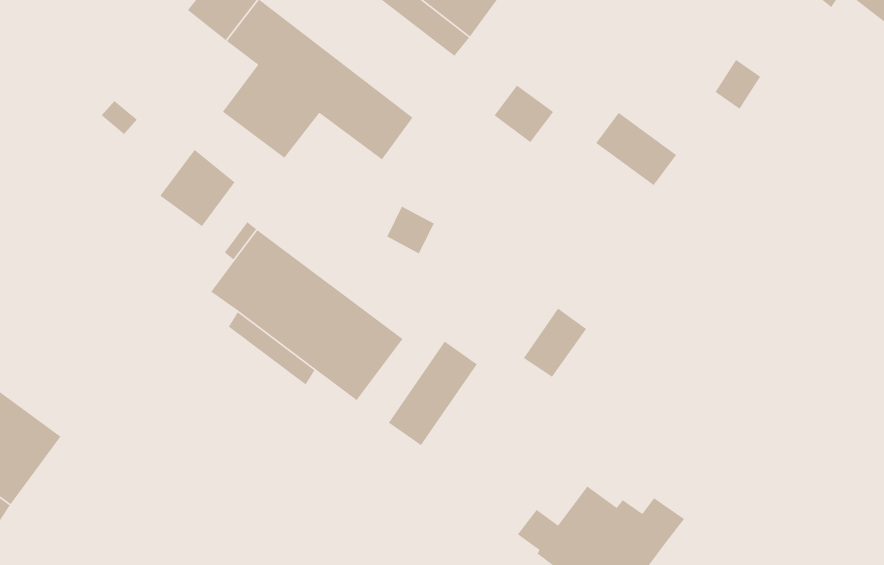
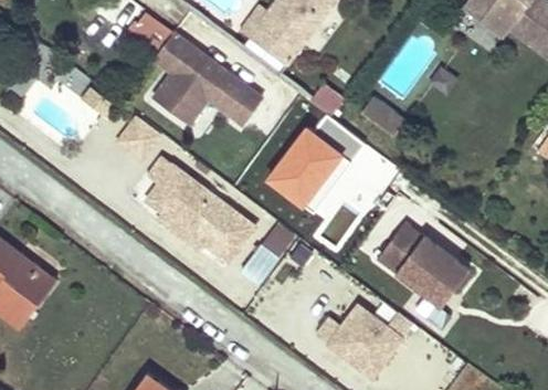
building: none -> [267,130,345,211]
building: none -> [377,215,470,302]

